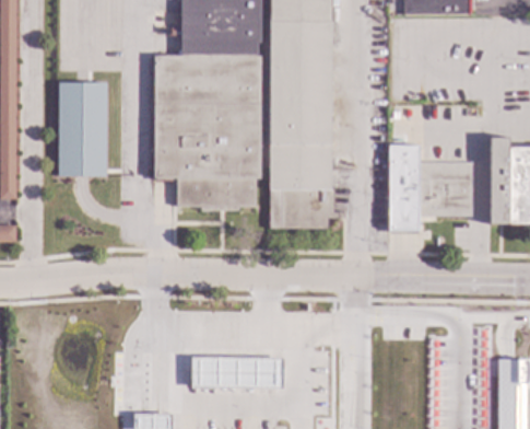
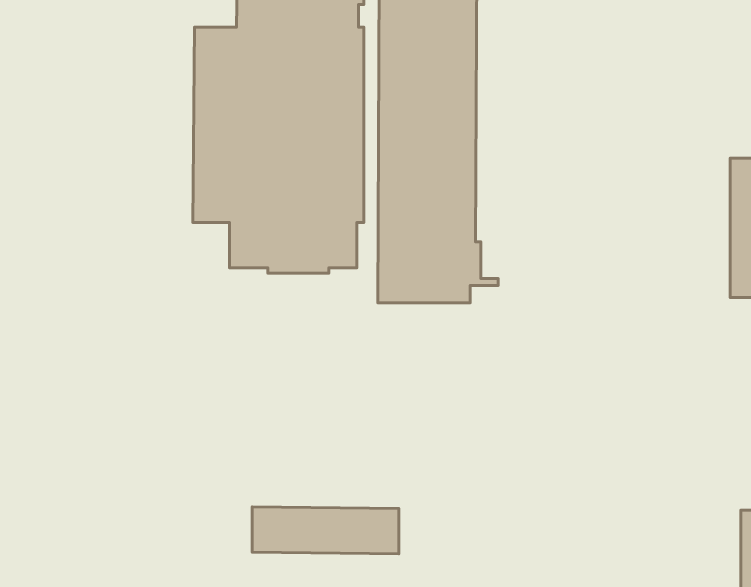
building: [57,81,107,175] -> none
building: [390,143,472,229] -> none

